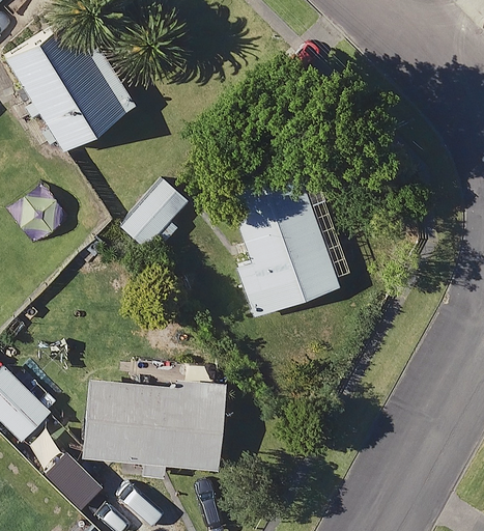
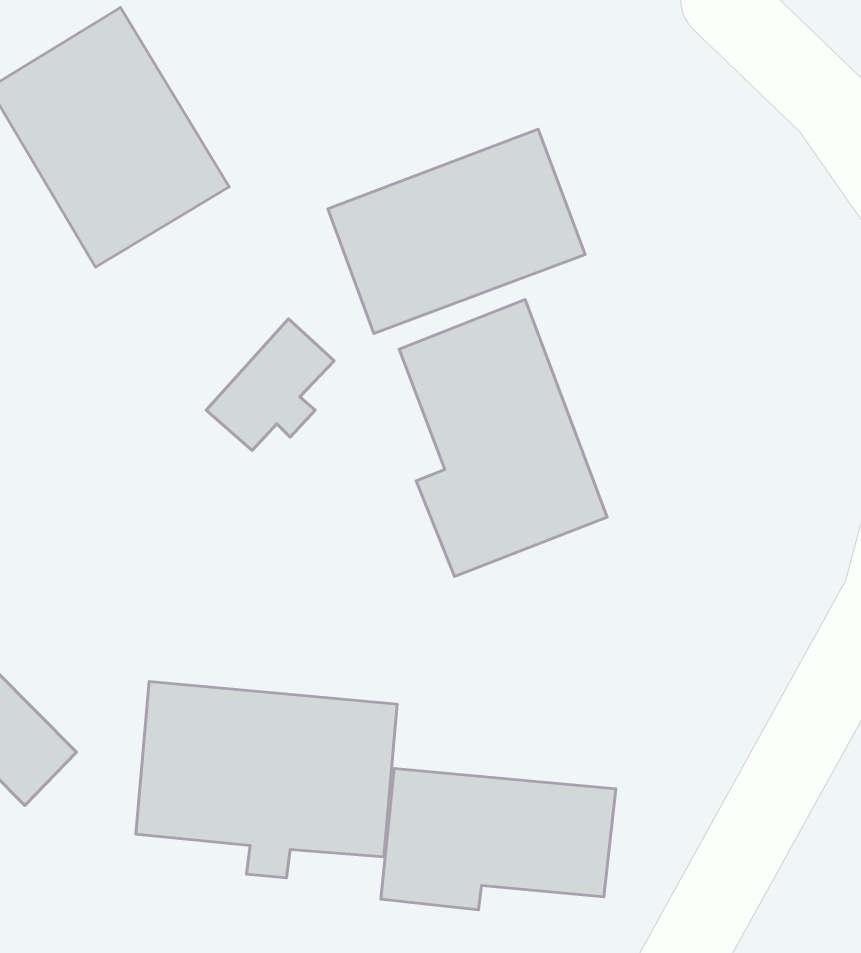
building: none -> [328,129,585,333]
building: none -> [381,768,616,910]

